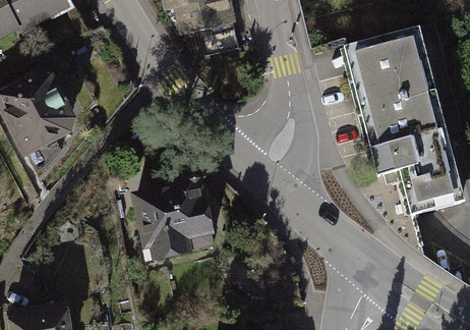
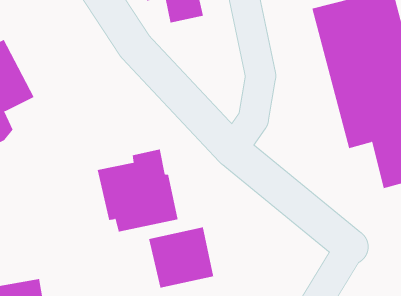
building: none -> [149,227,214,289]

